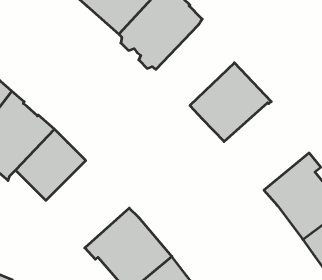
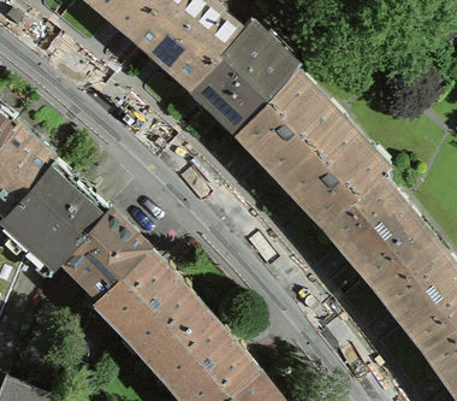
building: none -> [237,73,337,176]
building: none -> [324,172,432,283]
building: none -> [97,246,203,356]

